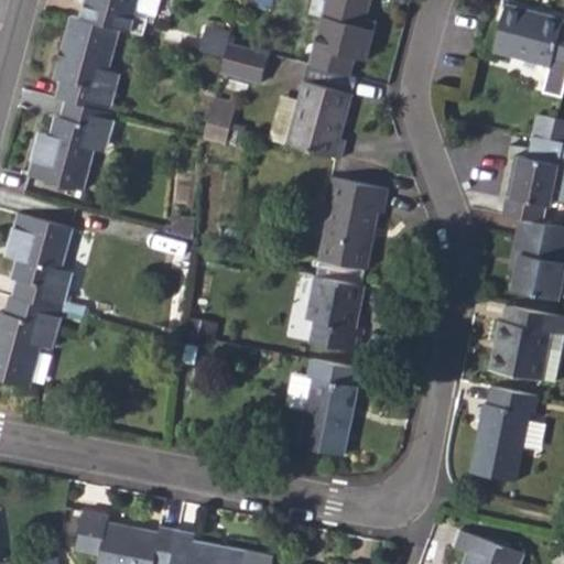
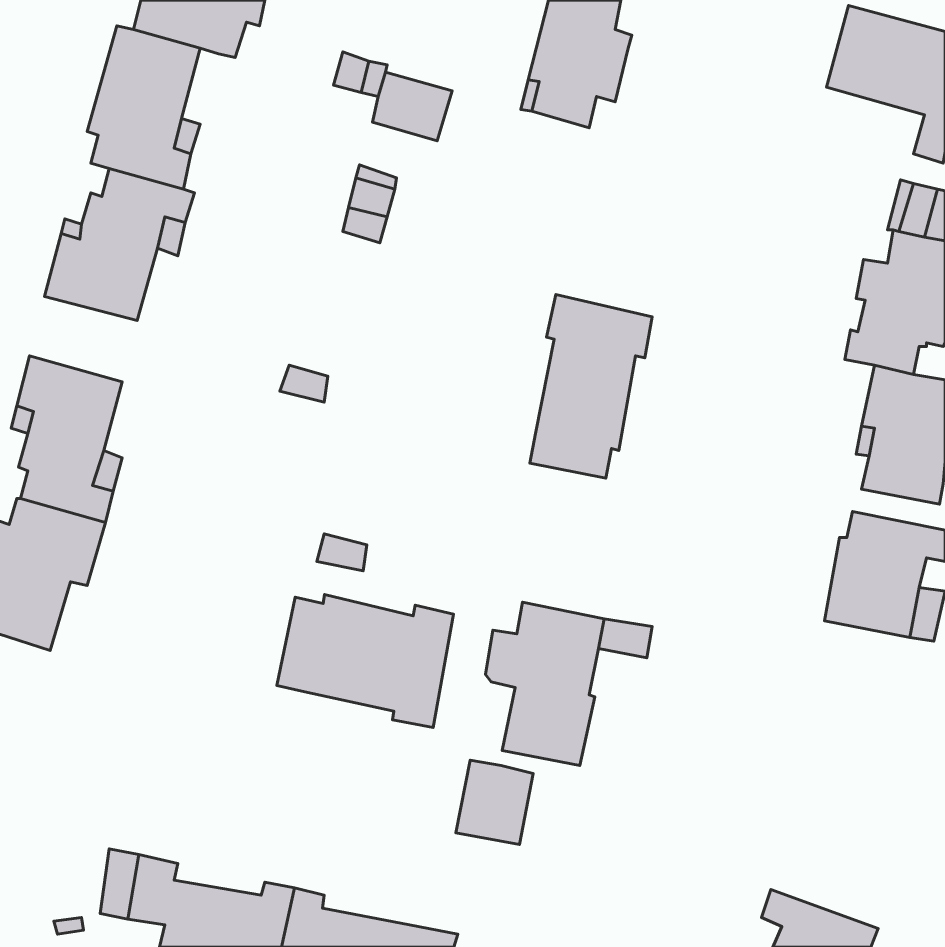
building: [286,79,351,159] -> none
building: [305,275,364,351] -> none
building: none -> [277,595,453,728]
building: [470,384,538,481] -> none
building: none -> [456,760,533,844]

